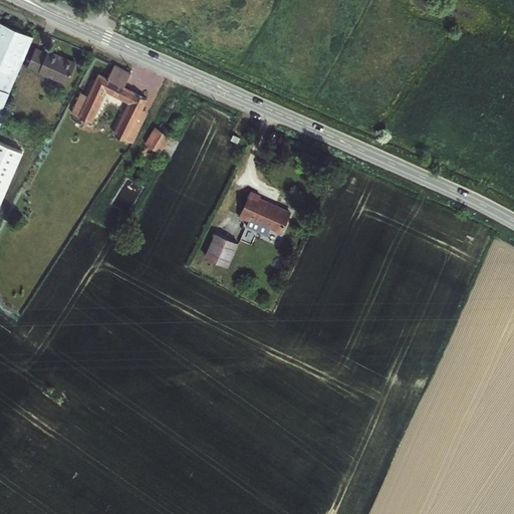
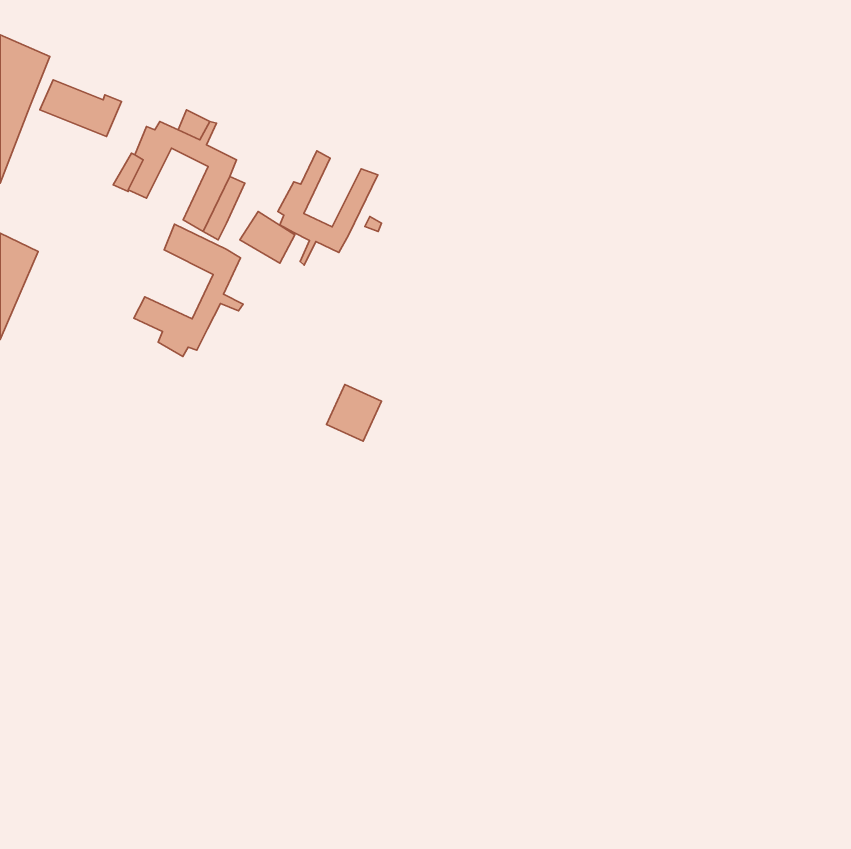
building: none -> [278,151,378,265]
building: none -> [134,224,243,357]
building: [231,189,282,232] -> none

